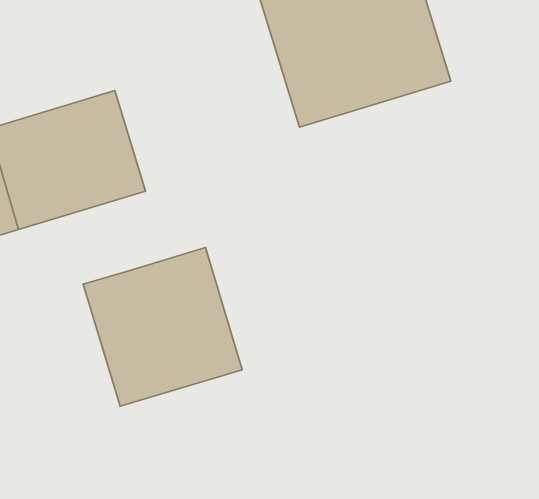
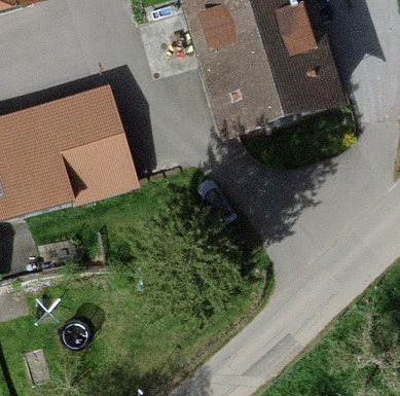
building: [83,247,242,406] -> none

